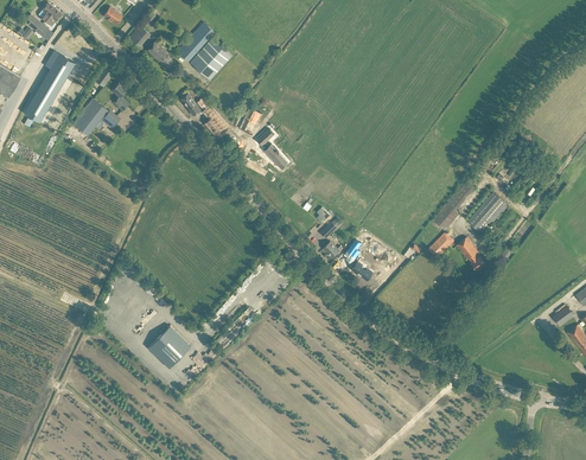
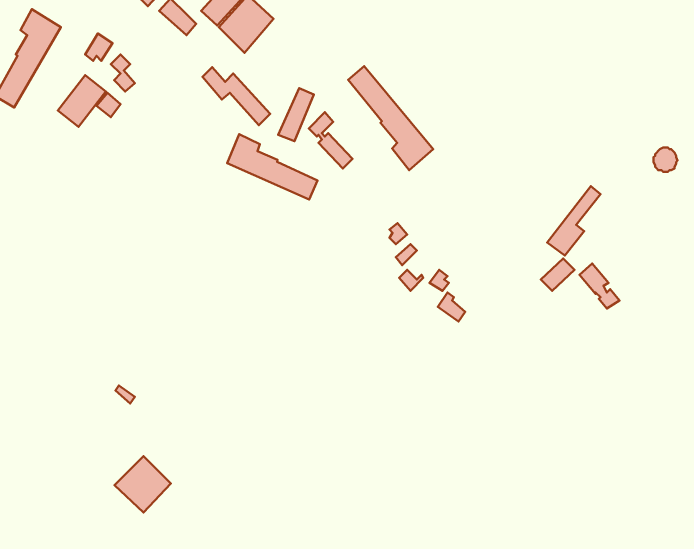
building: none -> [348,66,433,170]
building: none -> [227,134,318,199]
building: [466,192,509,235] -> none
building: [148,326,190,368] -> [114,456,171,513]

